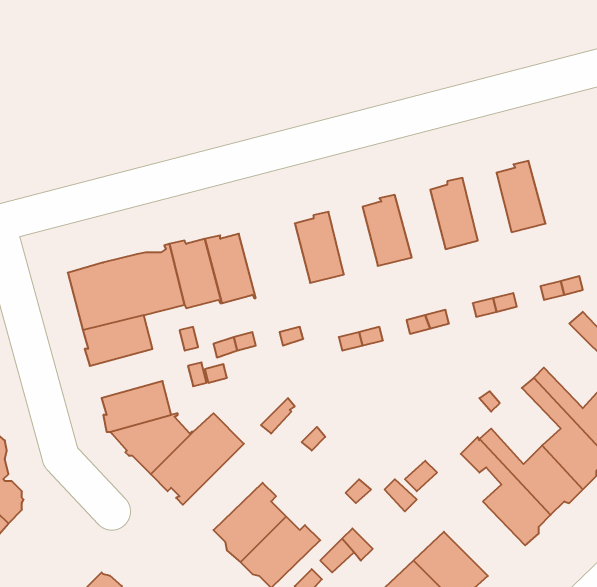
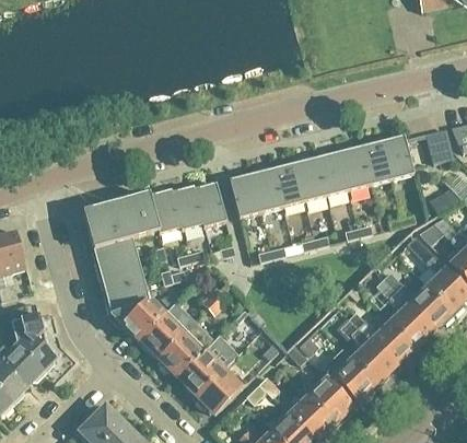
building: none -> [380,135,412,178]
building: none -> [337,145,369,189]
building: none -> [293,156,326,200]
building: none -> [250,167,282,211]
building: none -> [192,182,225,226]
building: none -> [96,259,143,291]
building: none -> [156,320,214,376]
building: none -> [317,354,377,403]

